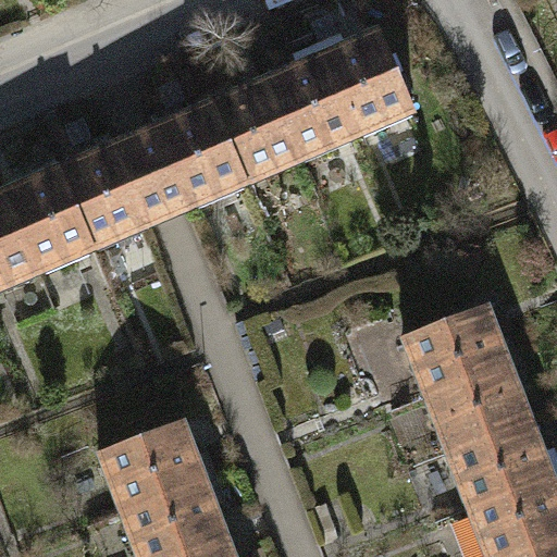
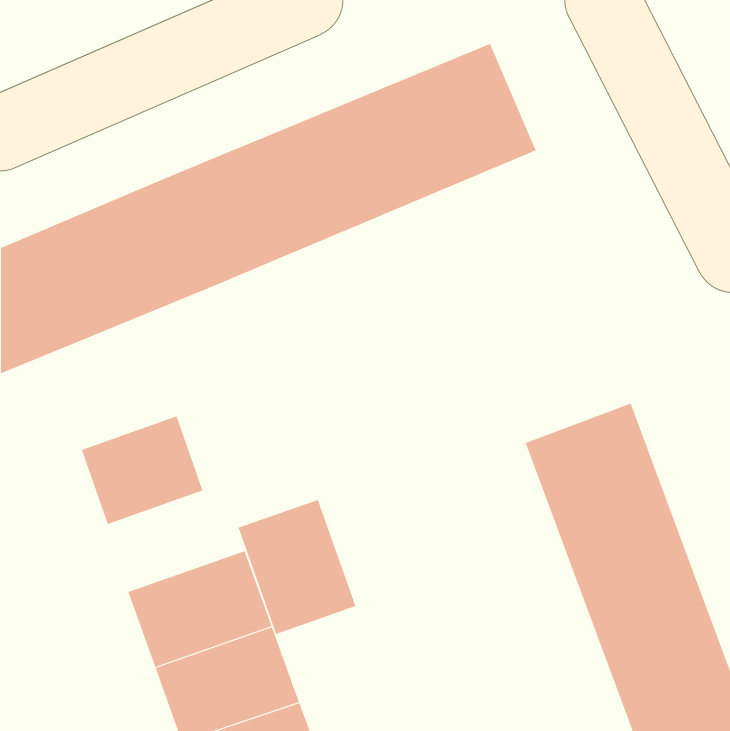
building: none -> [81,416,203,525]
building: none -> [238,499,356,635]

